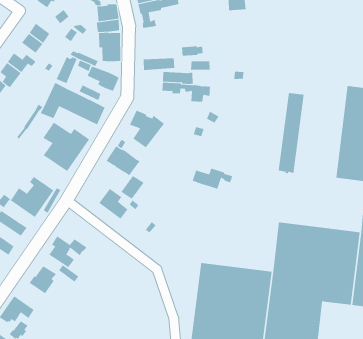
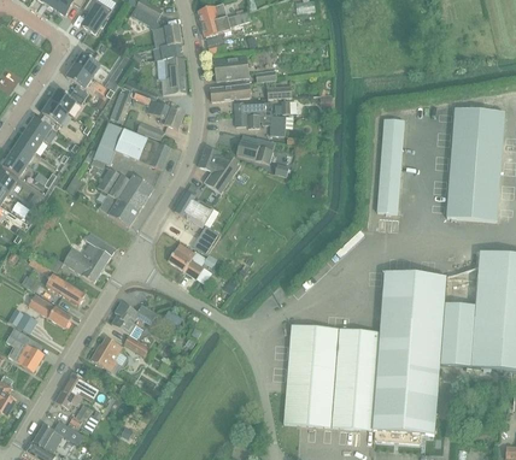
building: none -> [213,55,247,79]
building: [192,168,233,190] -> [236,136,285,161]

